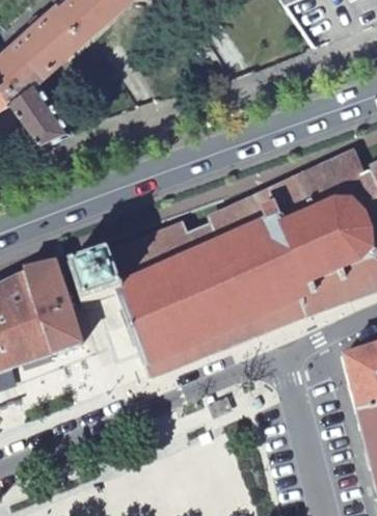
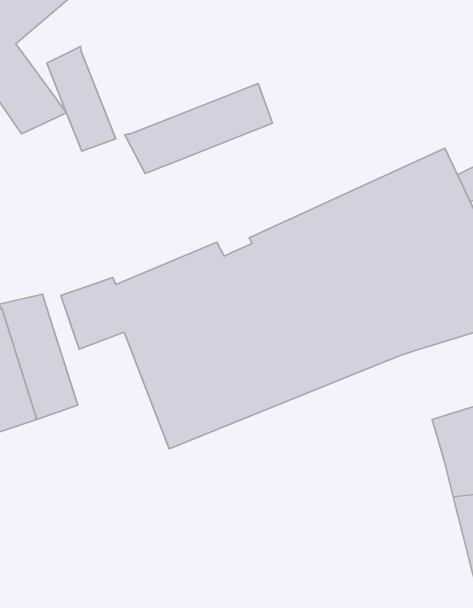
building: none -> [47,46,116,151]
building: none -> [125,83,273,174]

